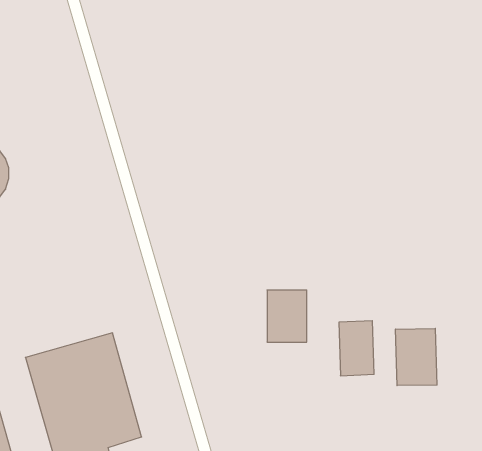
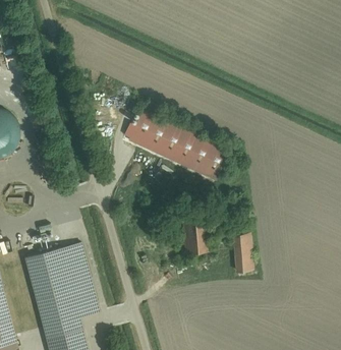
building: none -> [123,109,231,181]
building: [396,328,437,386] -> none

